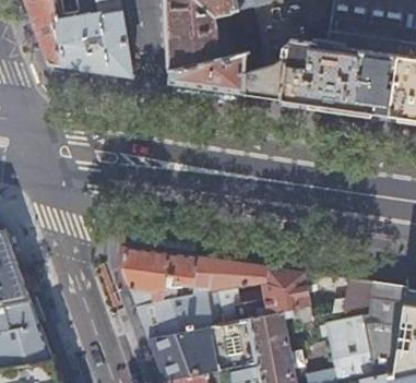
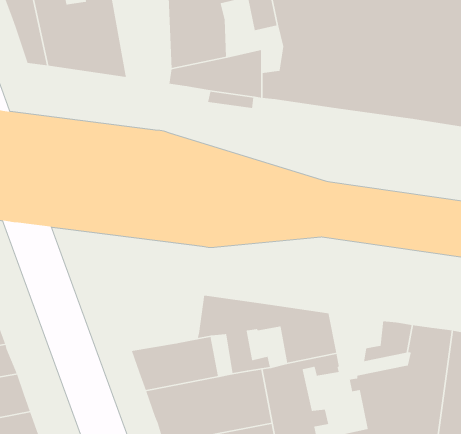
building: [121,232,199,303] -> none

